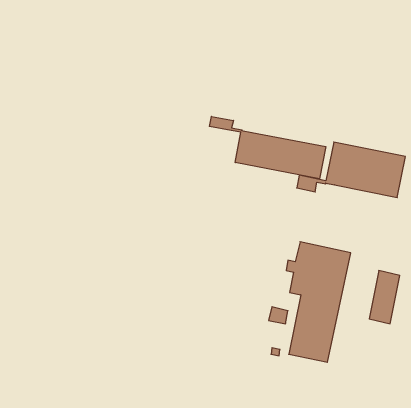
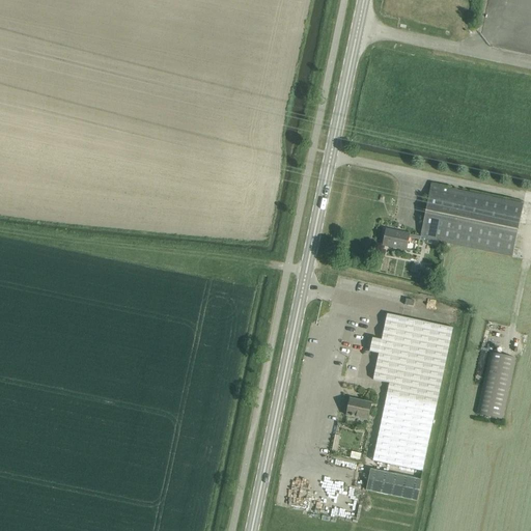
building: [209,116,326,179] -> none
building: none -> [366,467,421,499]

